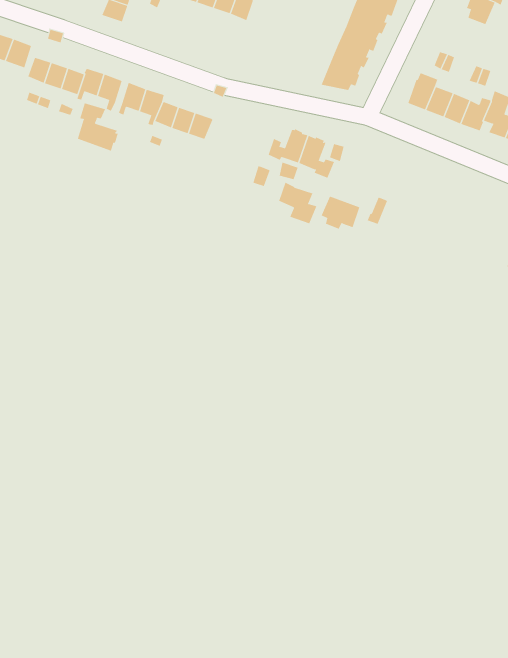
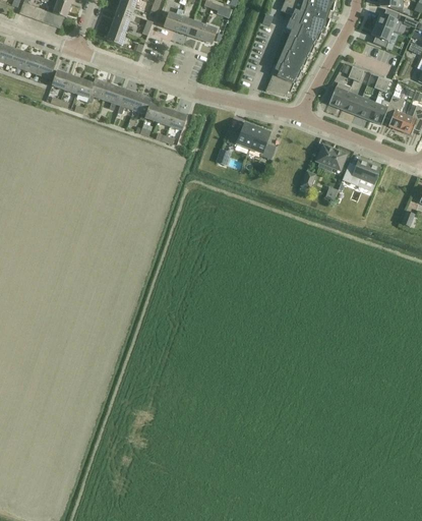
building: [77,102,118,151] -> none
building: none -> [342,160,379,185]
building: [278,182,317,224] -> none
building: [321,196,360,229] -> [316,146,345,170]

